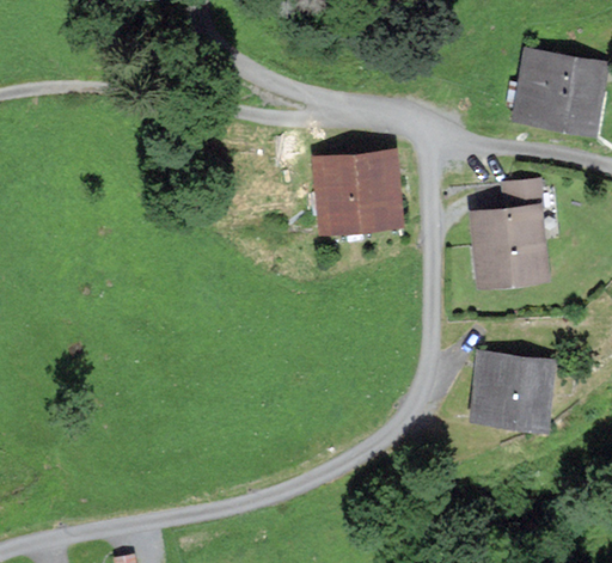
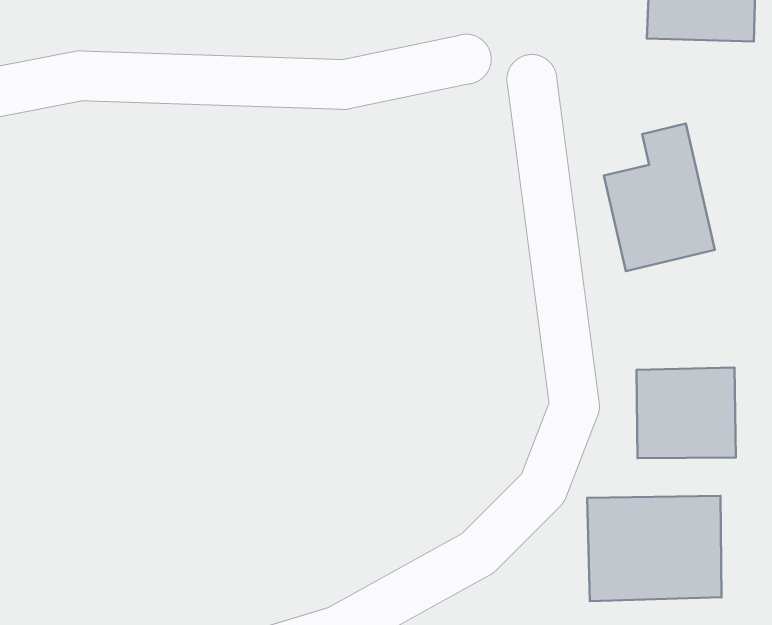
building: [317,154,397,224] -> none
building: none -> [587,496,721,601]

